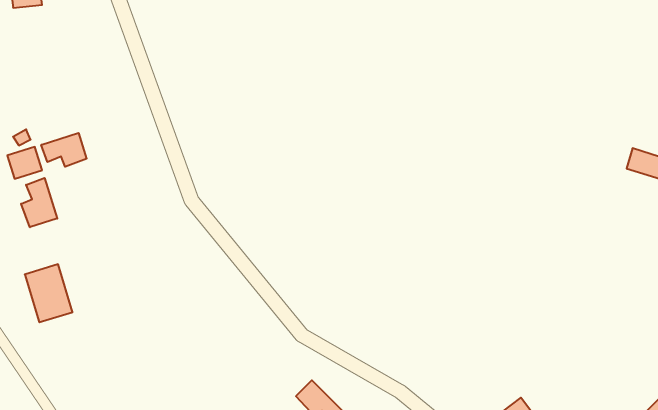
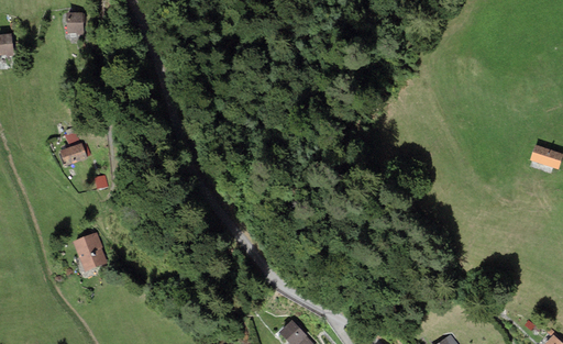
building: [41,133,87,167] -> none
building: [21,178,57,227] -> none

